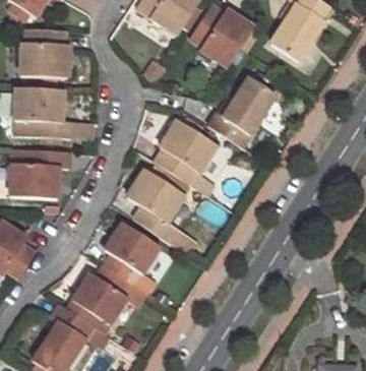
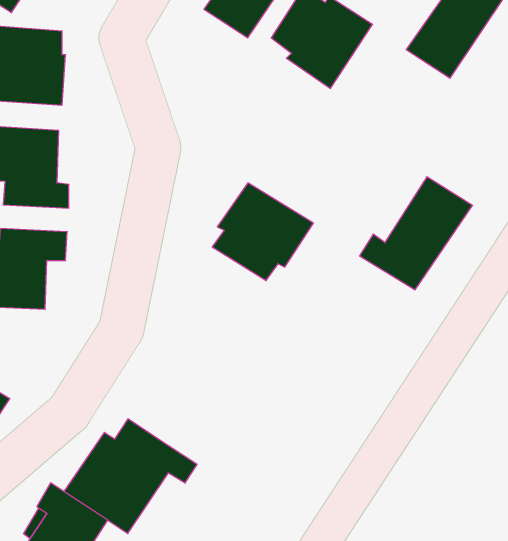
building: [206,76,274,144] -> [360,177,473,290]
building: [129,170,186,239] -> none
building: [105,225,161,281] -> none

